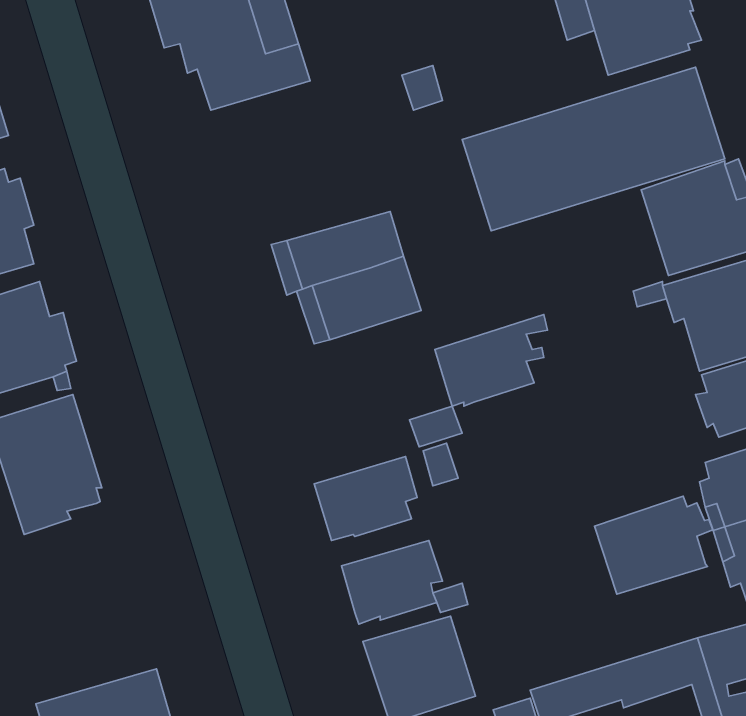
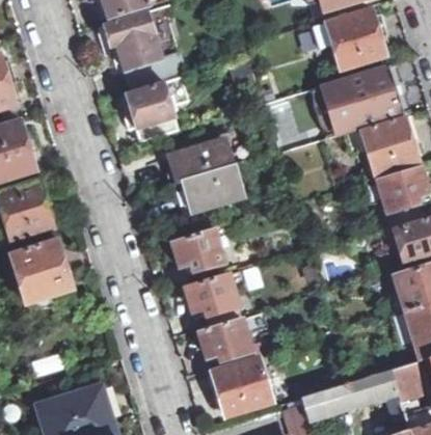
building: none -> [125,77,185,138]
building: [435,315,548,406] -> [171,223,232,272]
building: [595,496,713,594] -> none

